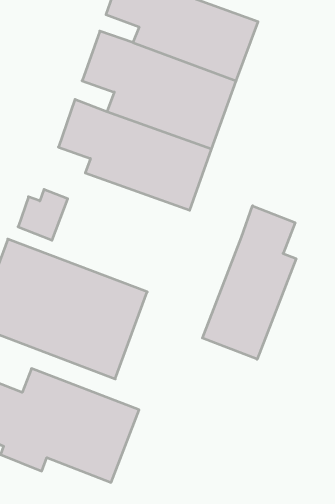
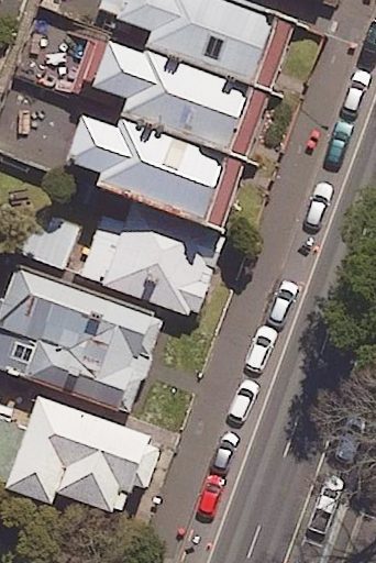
building: none -> [73,201,214,309]
building: [202,206,296,359] -> none

